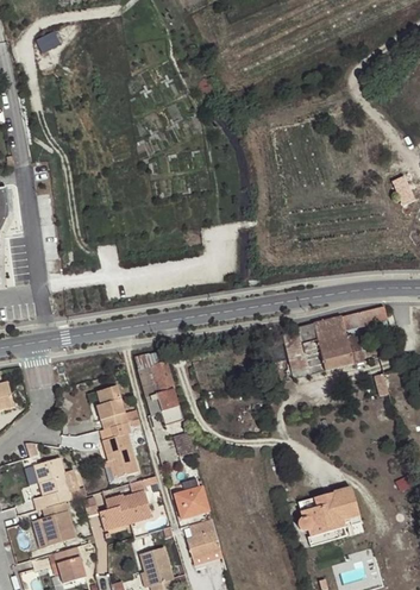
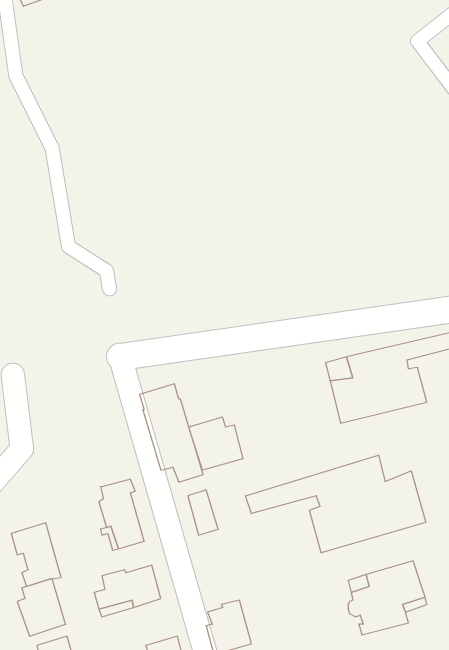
building: none -> [189,417,243,470]
building: [95,385,127,428] -> none
building: none -> [246,455,426,553]
building: [174,475,211,519] -> none

